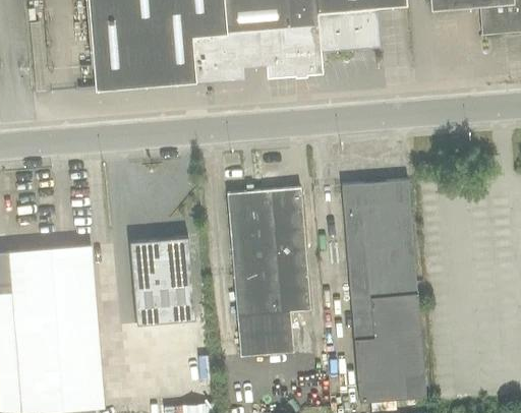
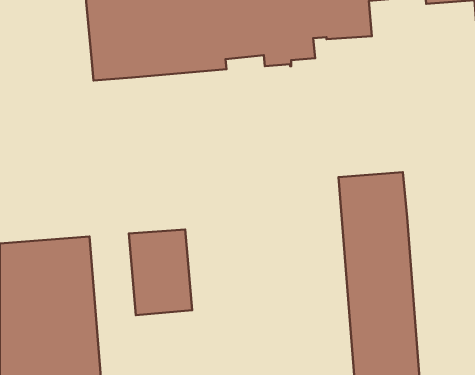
building: [228,188,311,356] -> none

